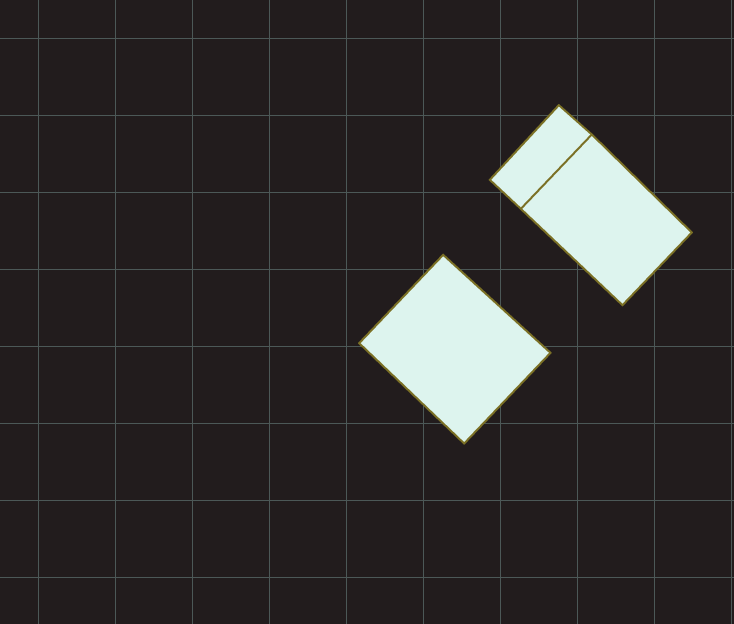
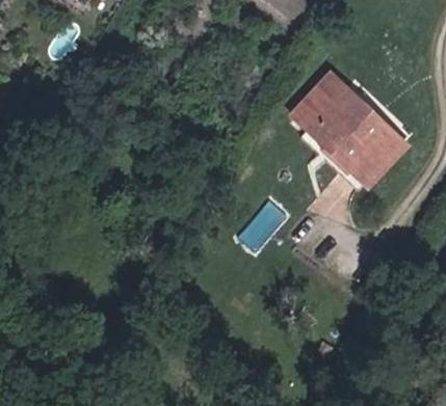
building: [359,255,551,444] -> none

